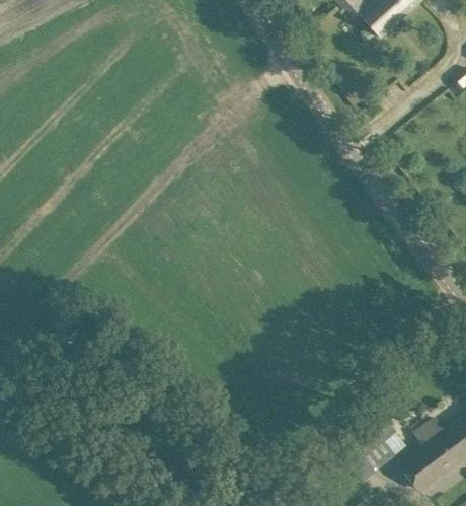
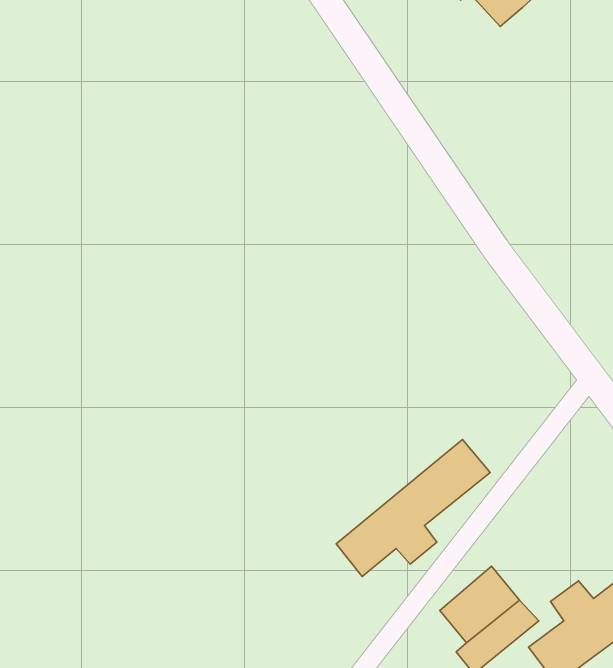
building: none -> [336,440,490,576]

